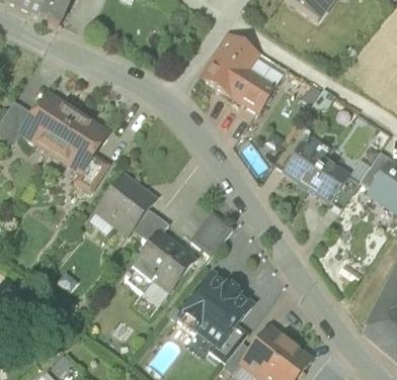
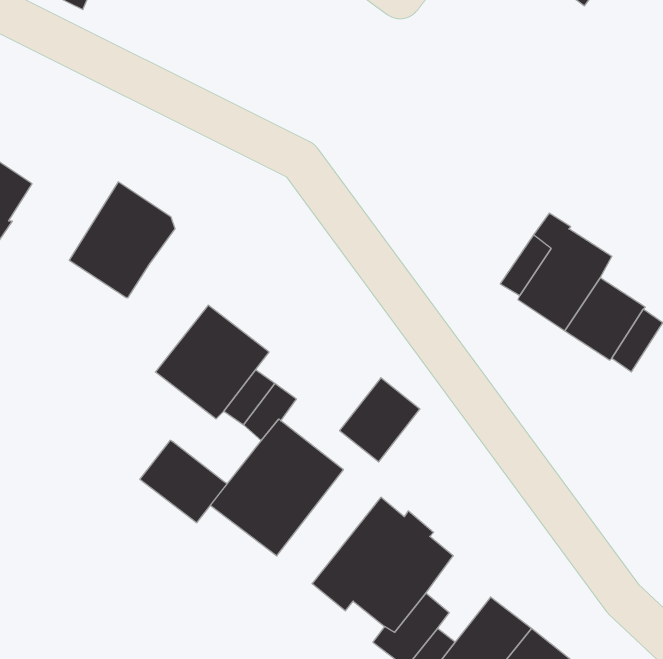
building: [200,31,276,112] -> none
building: [20,94,77,152] -> none
building: [74,154,109,191] -> none
building: none -> [140,440,227,523]

